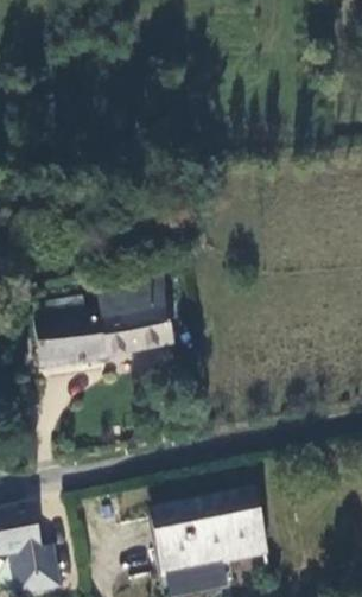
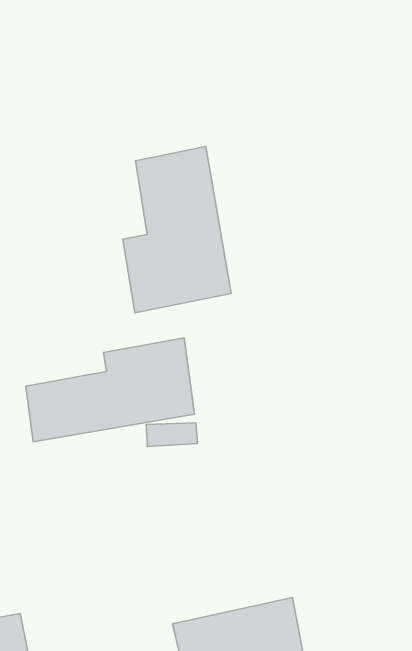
building: none -> [123,147,231,313]

